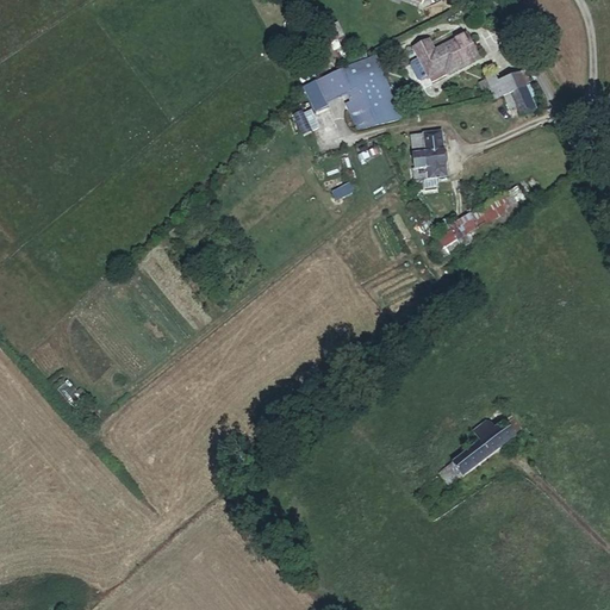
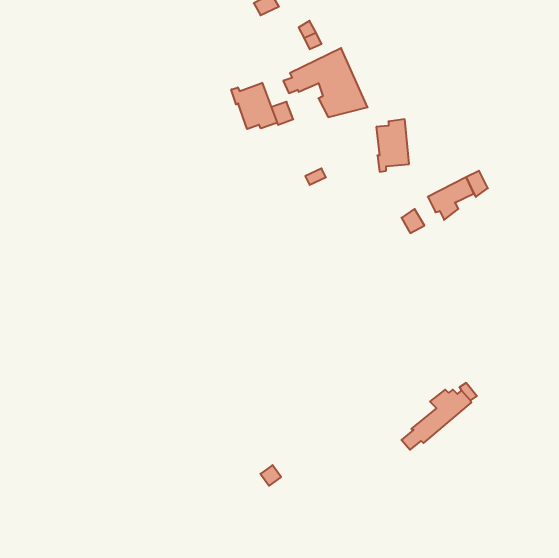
building: [413,30,481,82] -> none
building: [486,71,535,116] -> none
building: none -> [231,83,277,129]

